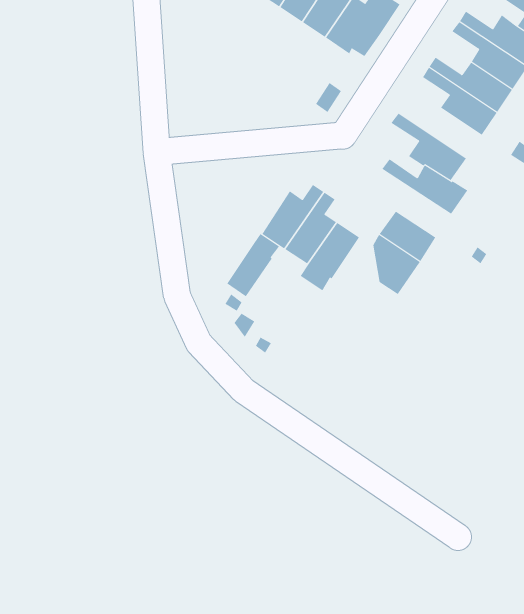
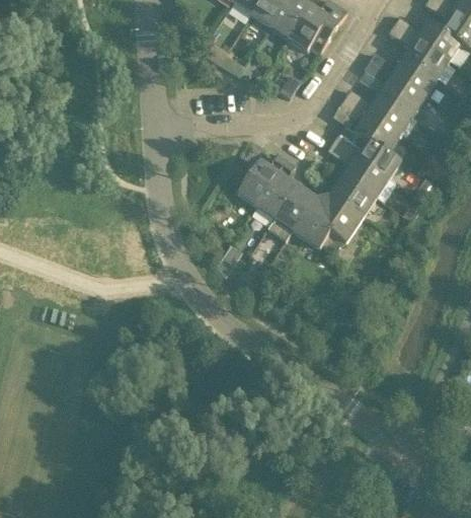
building: none -> [345,89,412,134]
building: none -> [327,142,388,197]
building: [227,233,280,297] -> none
building: none -> [293,197,330,248]

